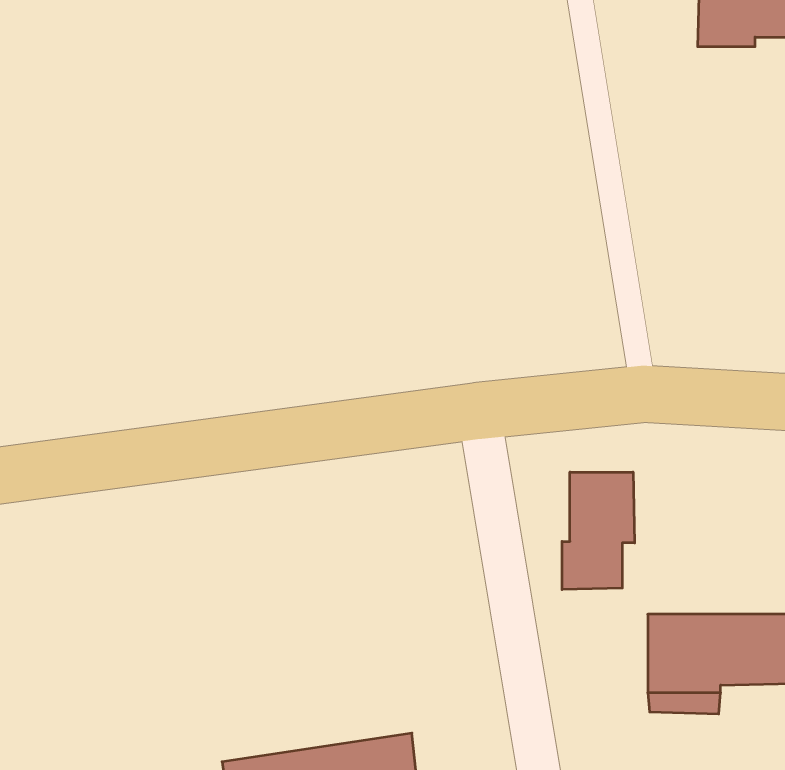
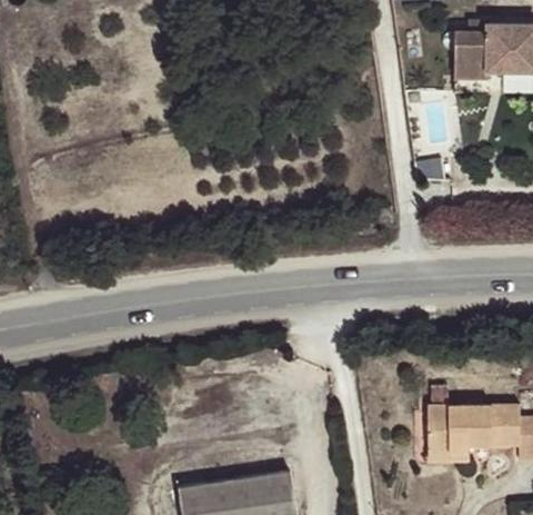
building: [562,472,635,590] -> none

